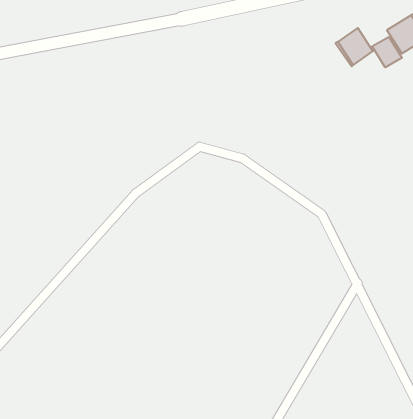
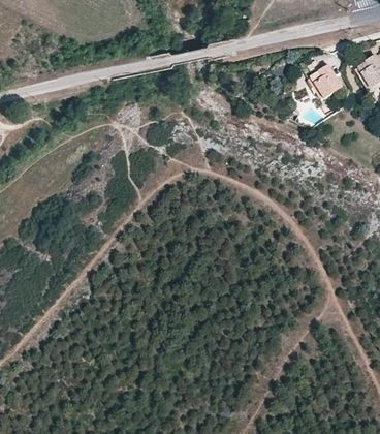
building: [372,37,402,67] -> none

